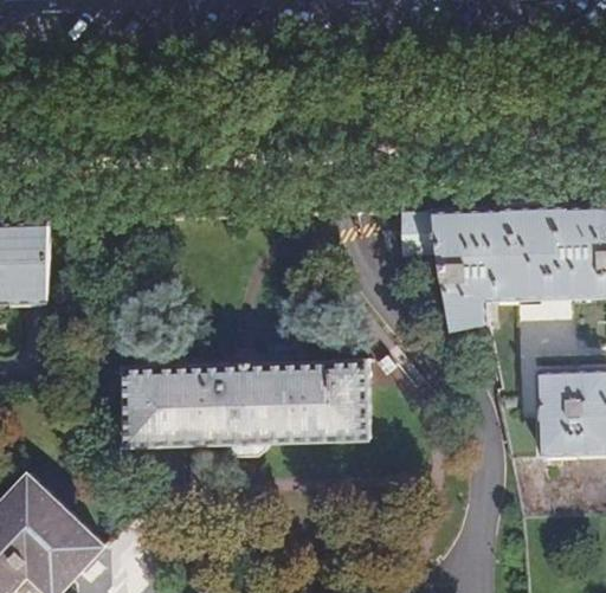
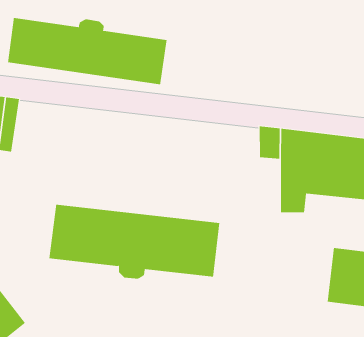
building: none -> [8,17,167,85]

